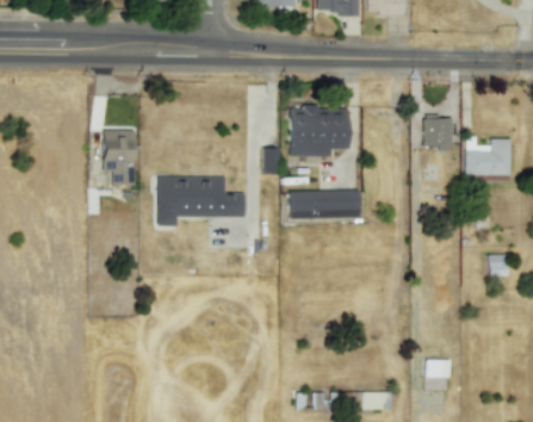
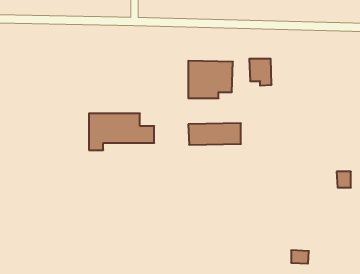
building: [423,116,453,151] -> [249,59,272,86]
building: [104,130,136,184] -> none
building: [466,135,512,181] -> none

